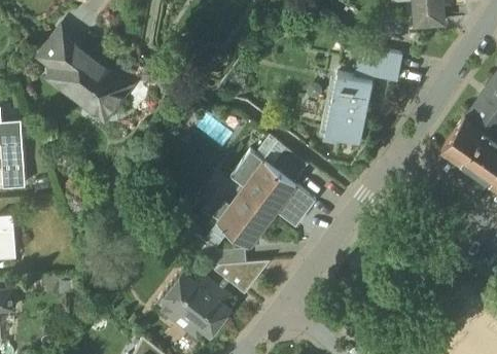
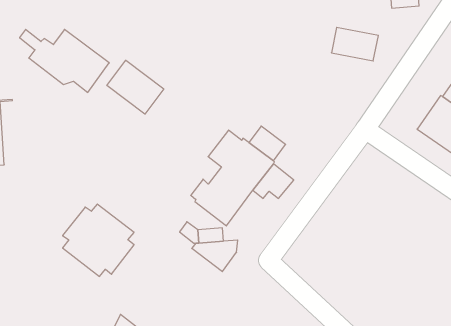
building: [46,28,85,65] -> none
building: [325,74,372,143] -> none
building: none -> [107,60,164,114]
building: [161,269,233,342] -> [63,204,134,276]

